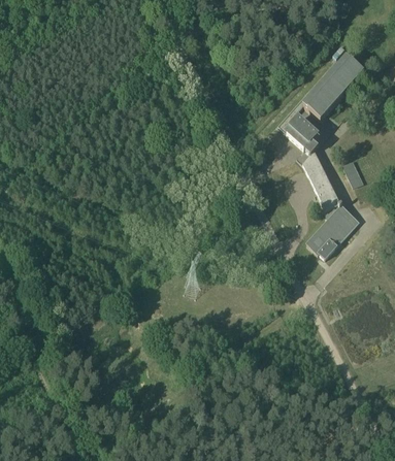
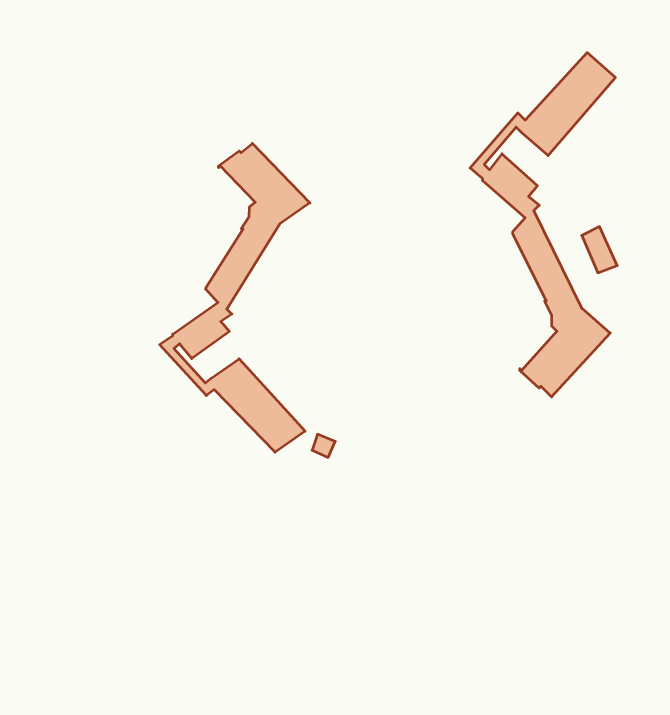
building: none -> [160,143,310,452]

